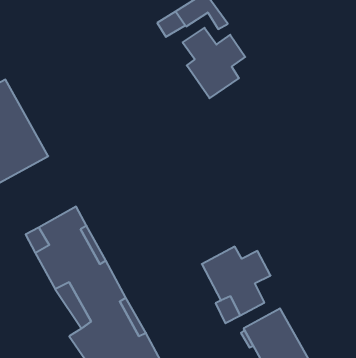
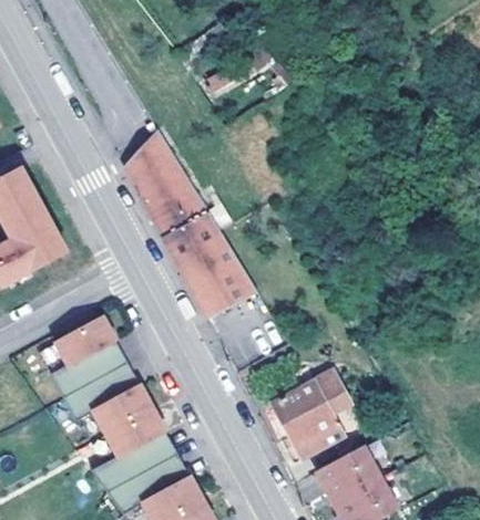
building: [183,28,245,98] -> none
building: none -> [125,147,257,321]

